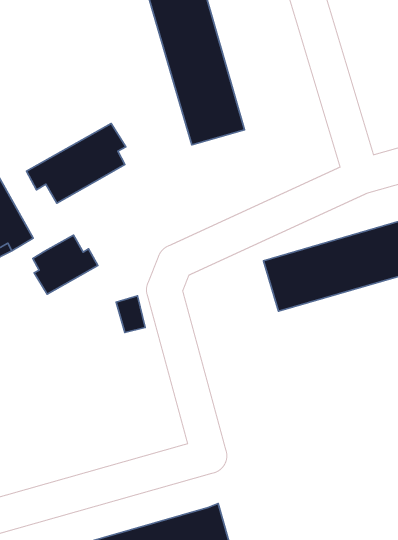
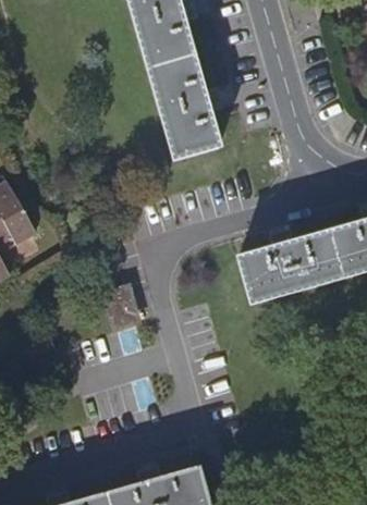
building: [27,123,126,203] -> none
building: [33,235,98,294] -> none

